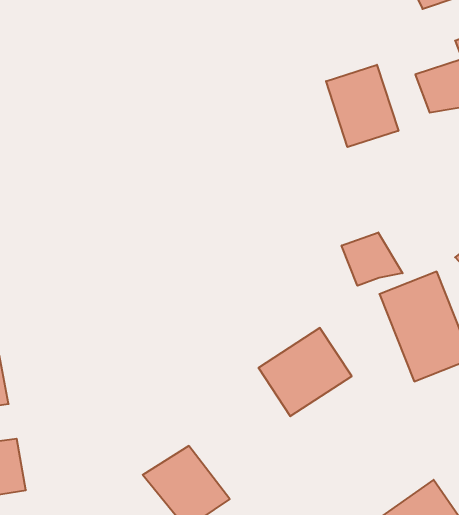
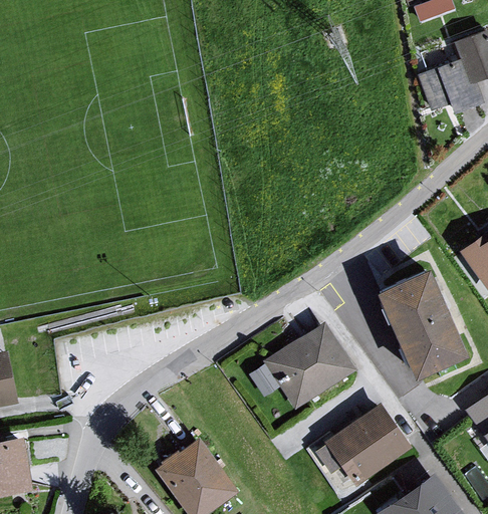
building: [326,65,398,147] -> none
building: [342,232,403,286] -> none
building: none -> [322,406,407,486]

